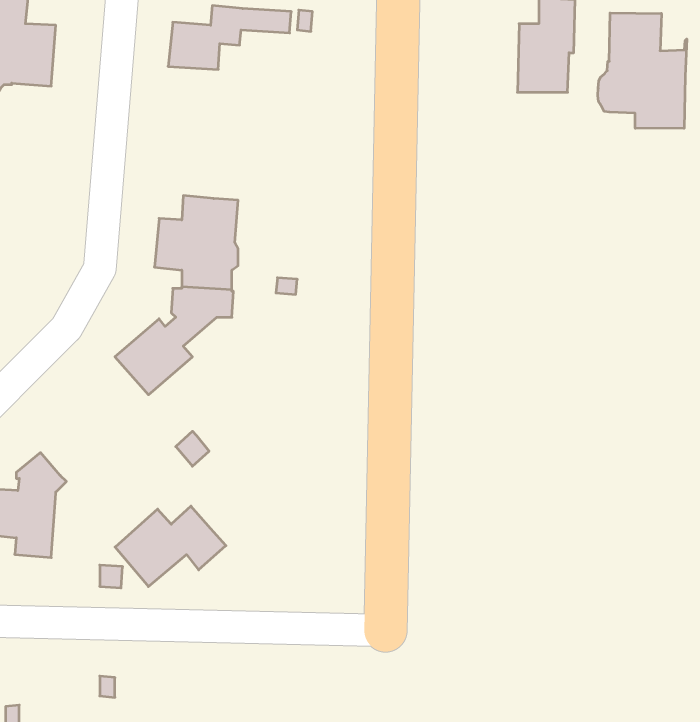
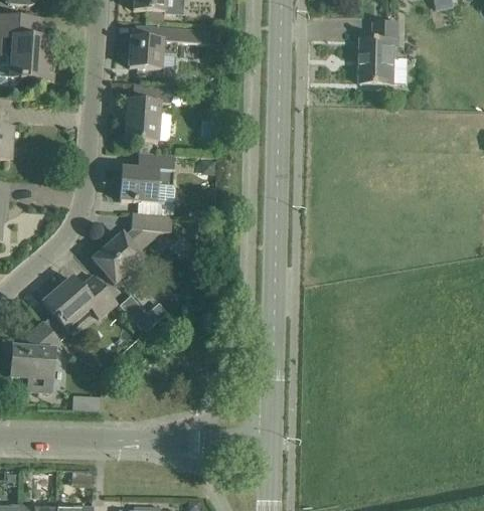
building: [598,13,687,128] -> none
building: none -> [123,83,180,141]
building: [115,506,226,587] -> [42,274,116,327]

